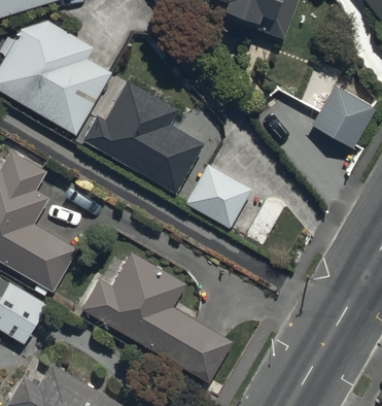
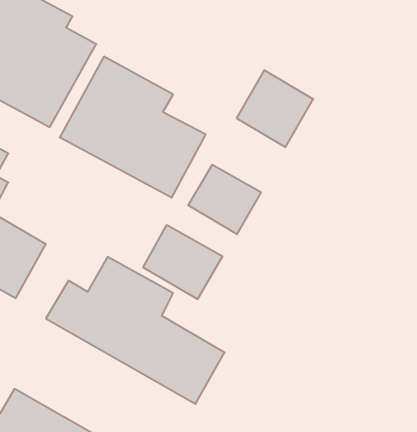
building: [308,79,371,142] -> [237,70,313,147]
building: none -> [143,225,222,299]

